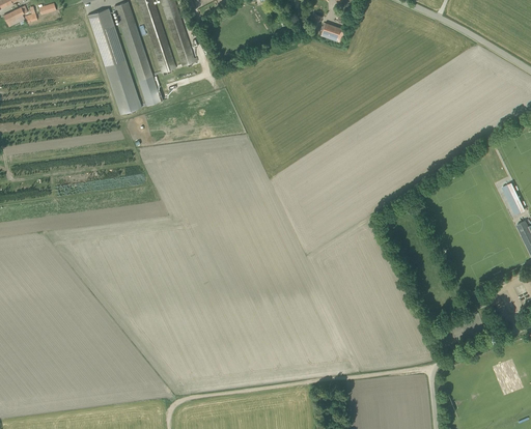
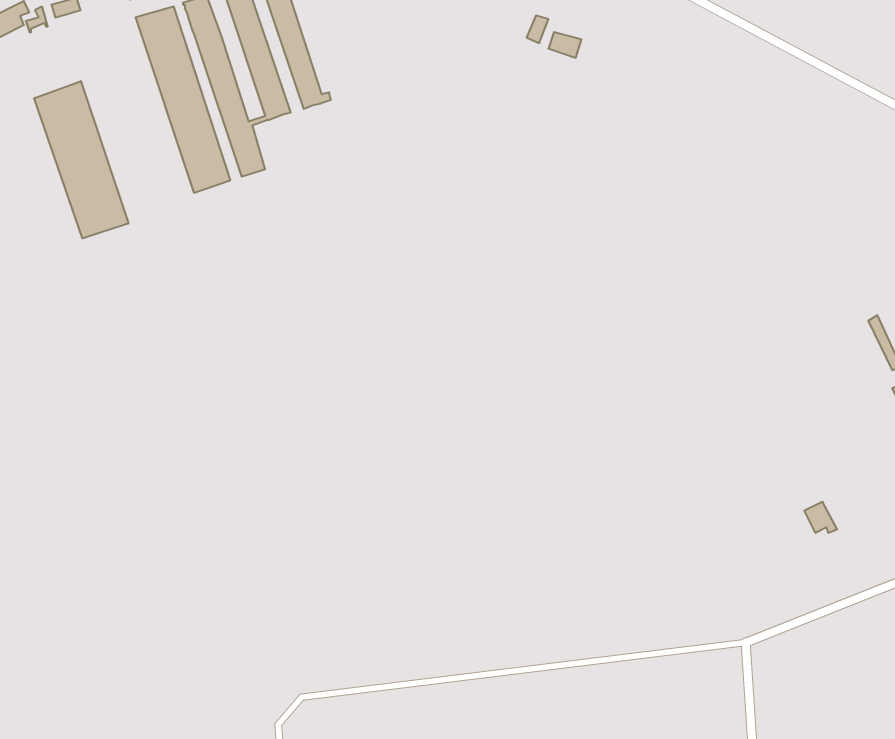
building: none -> [34,81,128,238]

